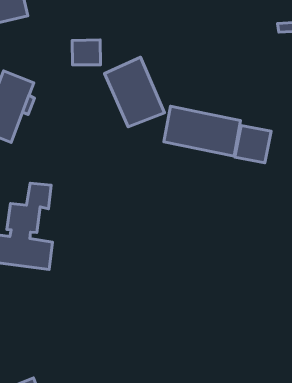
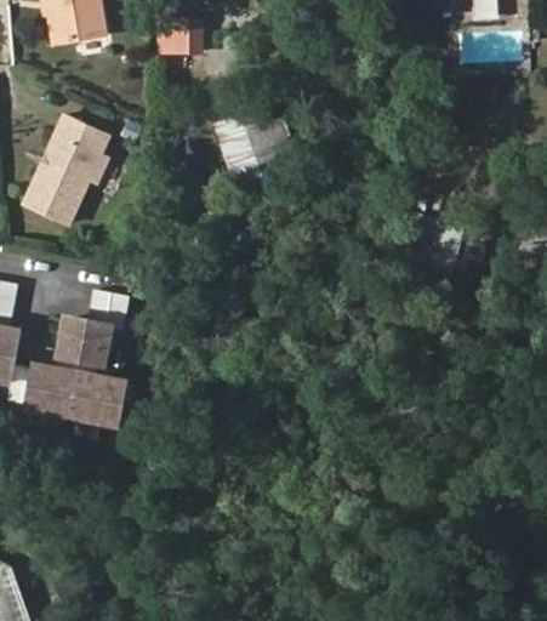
building: [72,40,101,65] -> [158,21,201,59]
building: [164,106,241,156] -> none

